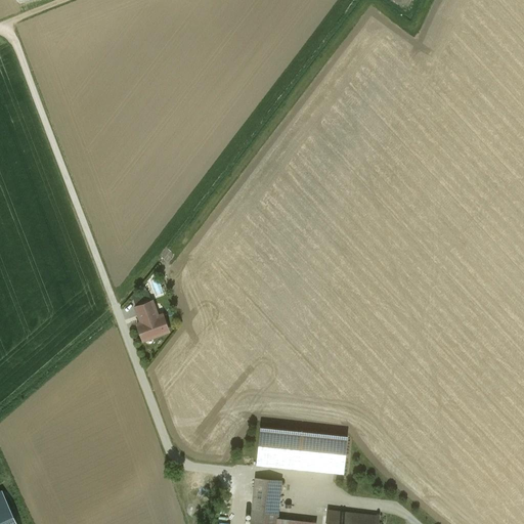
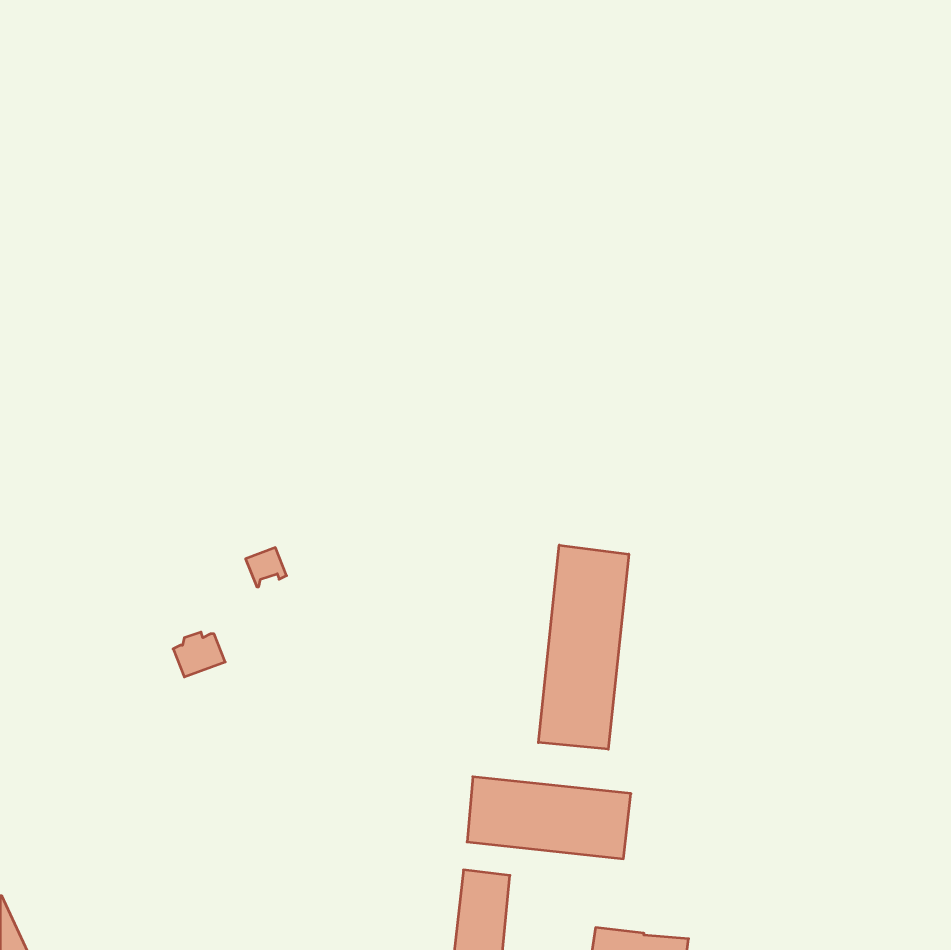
building: none -> [538,545,629,749]
building: [137,316,166,341] -> [173,632,225,677]

